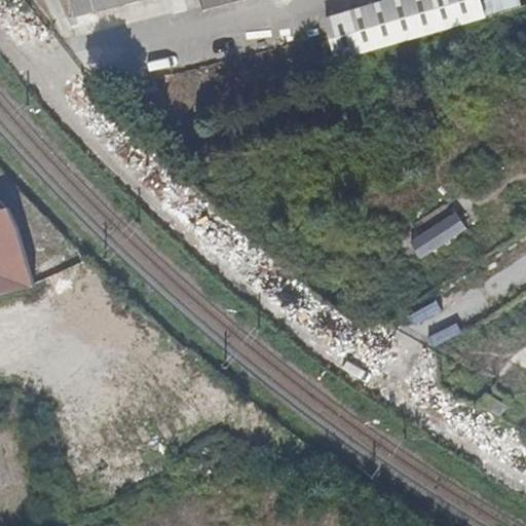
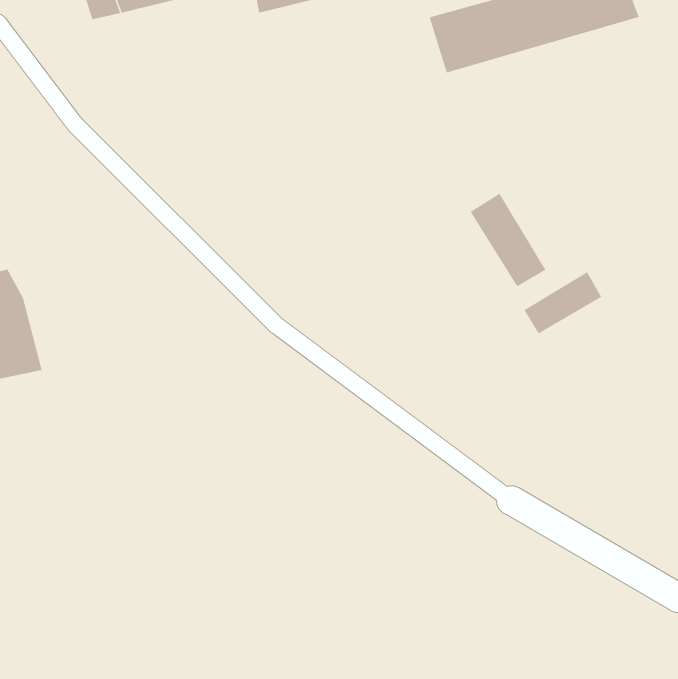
building: none -> [470,193,546,287]

